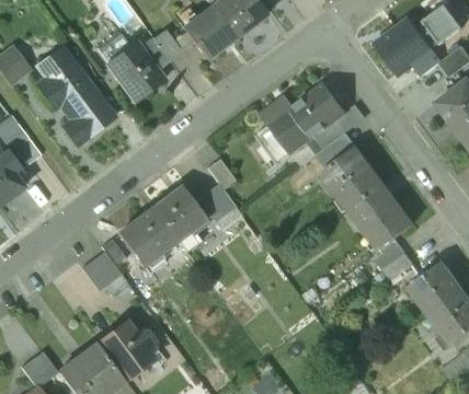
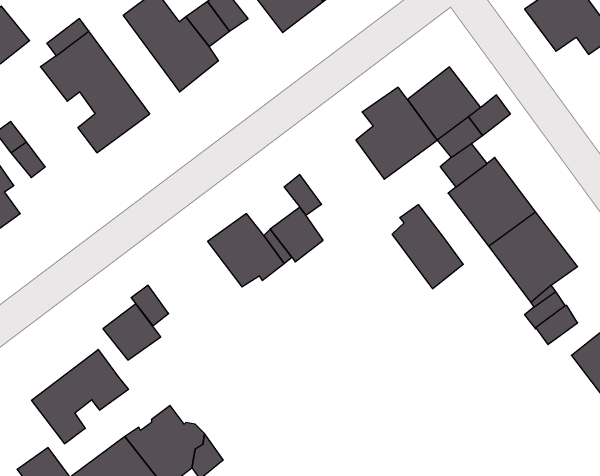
building: none -> [392,205,463,289]
building: [118,207,178,265] -> none
building: none -> [32,349,128,444]

